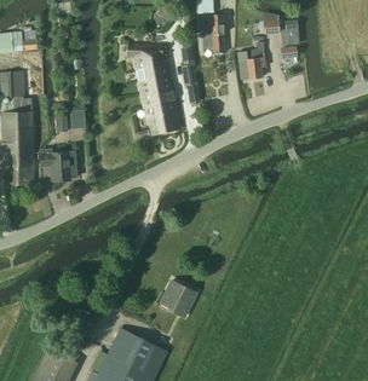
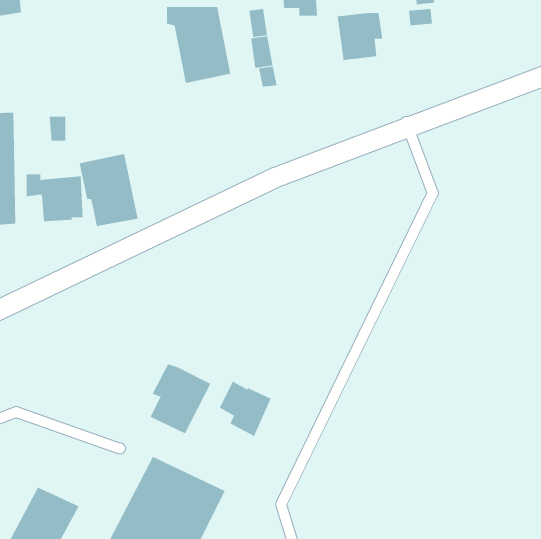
building: [142,87,179,133] -> [79,153,138,226]
building: none -> [150,363,211,434]

